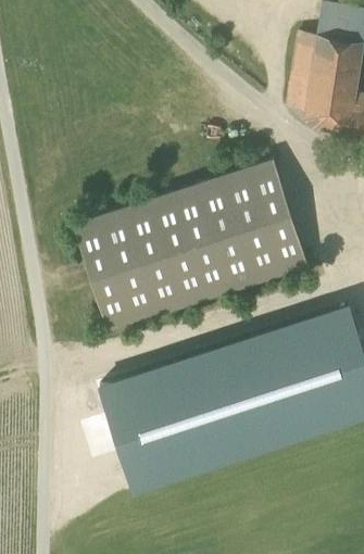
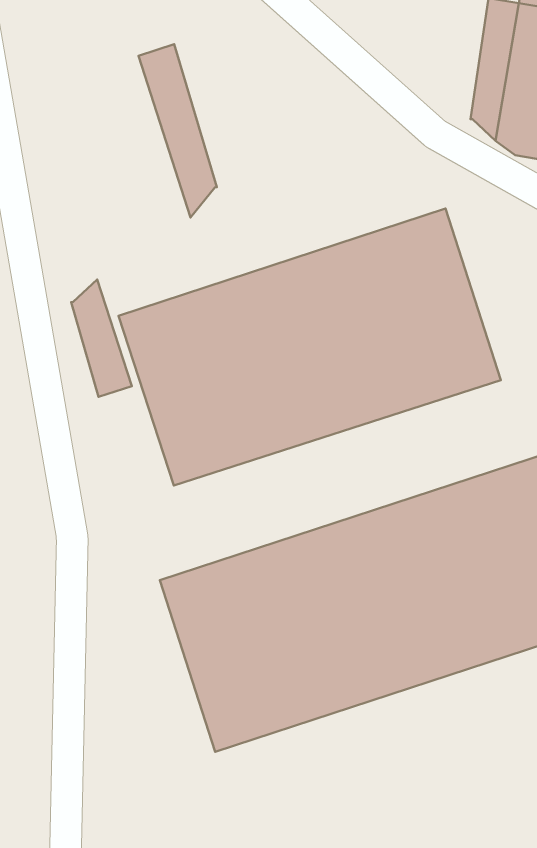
building: none -> [138,44,217,218]
building: none -> [71,279,132,397]

